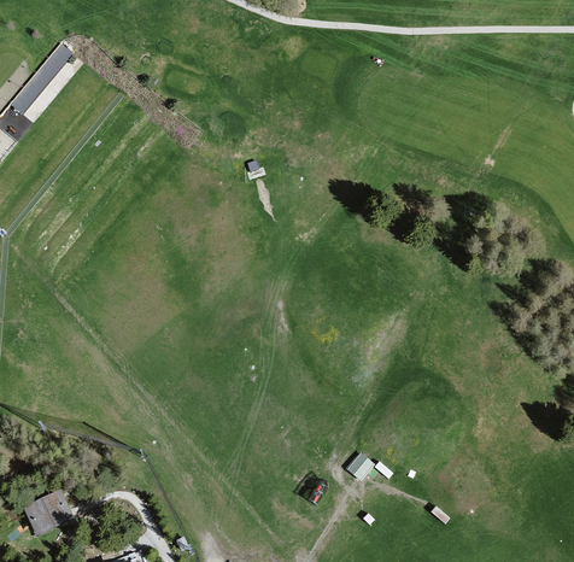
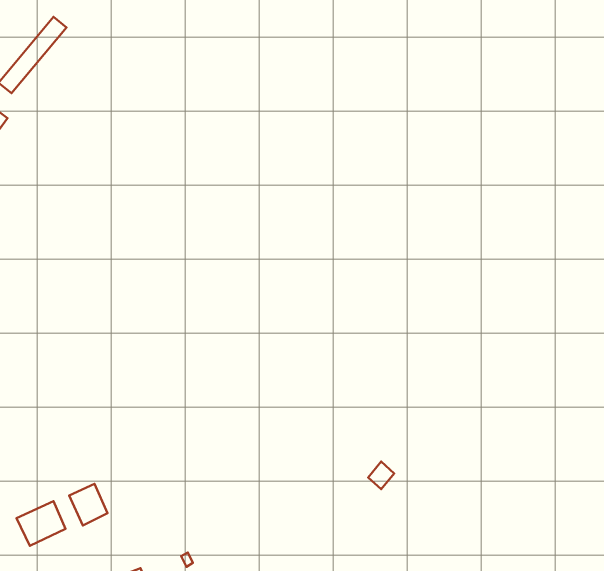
building: none -> [69,484,108,525]

